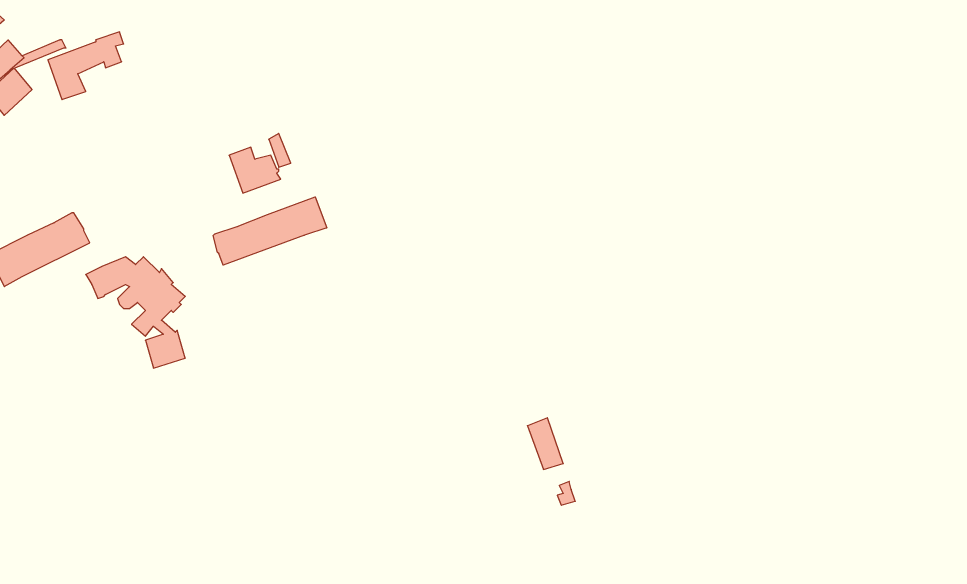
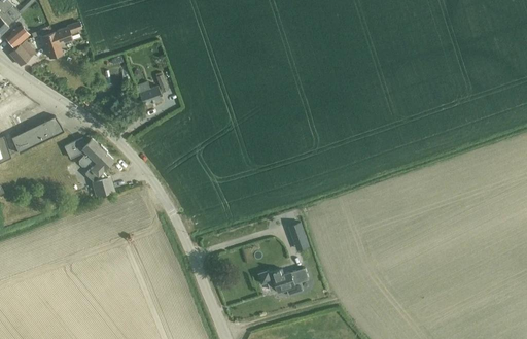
building: [213,197,327,265] -> none
building: none -> [257,268,308,297]

